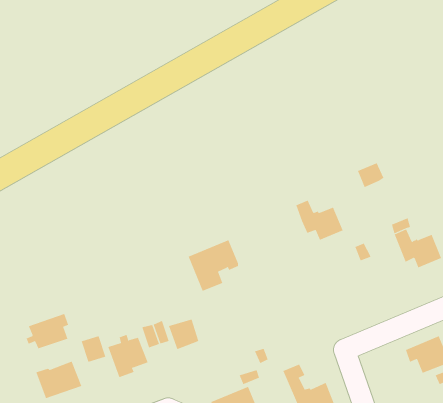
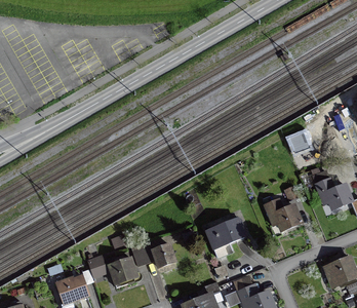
building: [296,200,344,241] -> [265,200,300,230]
building: [188,240,239,292] -> [206,219,243,257]
building: [26,313,69,349] -> none

